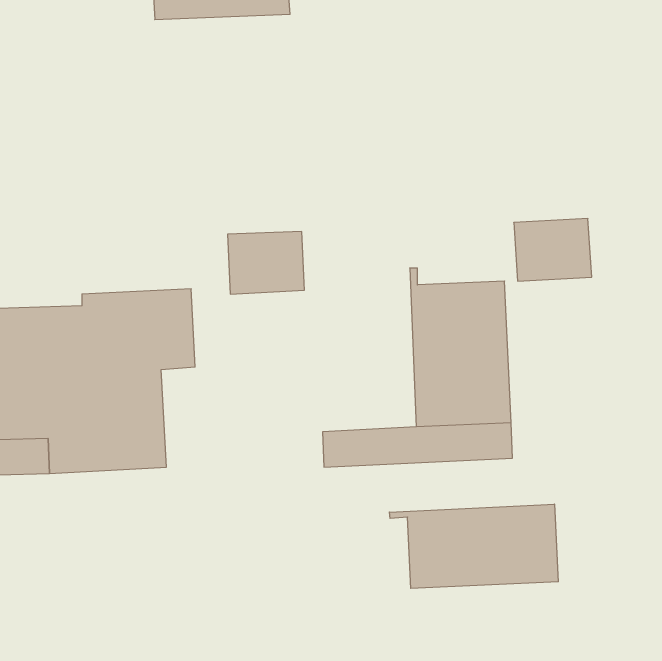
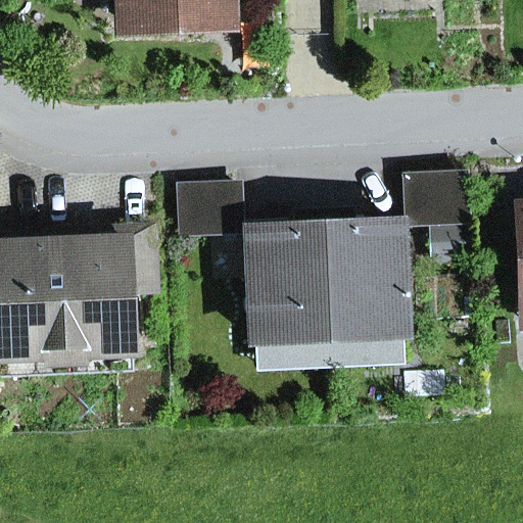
building: none -> [248,210,327,339]
building: [389,504,558,588] -> none

